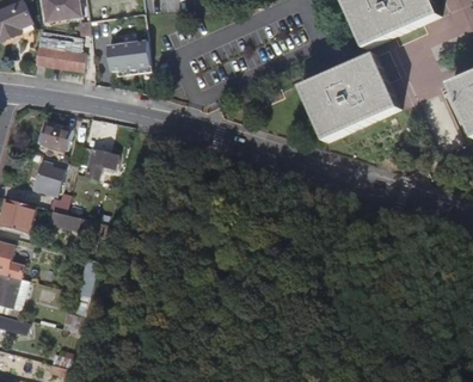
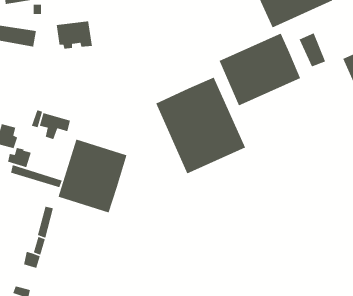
building: none -> [299,32,326,68]
building: none -> [155,76,246,175]
building: [48,122,80,150] -> none
building: none -> [58,139,127,213]

